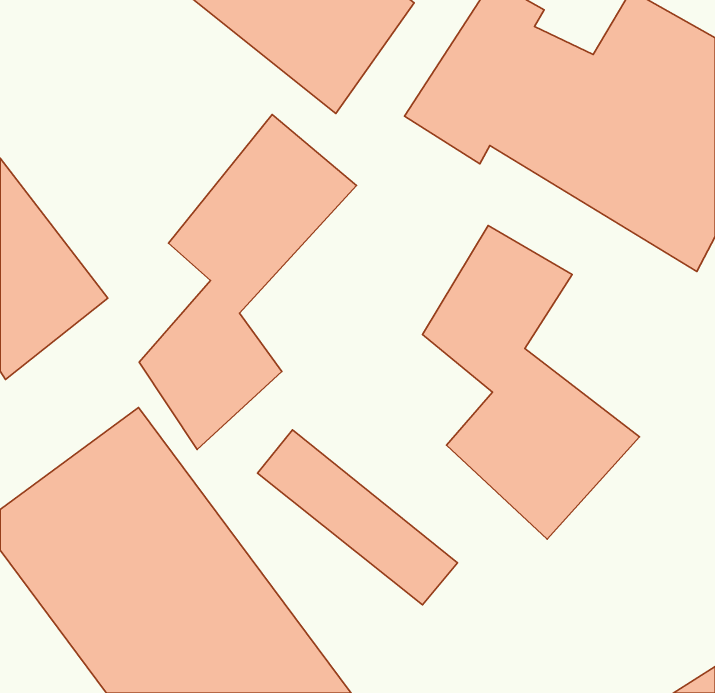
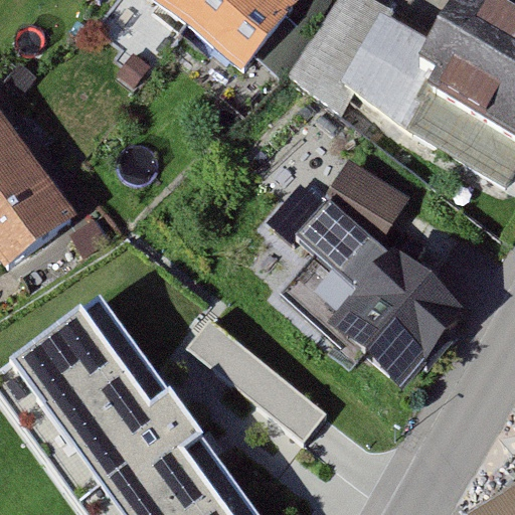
building: [139,114,356,449] -> none

